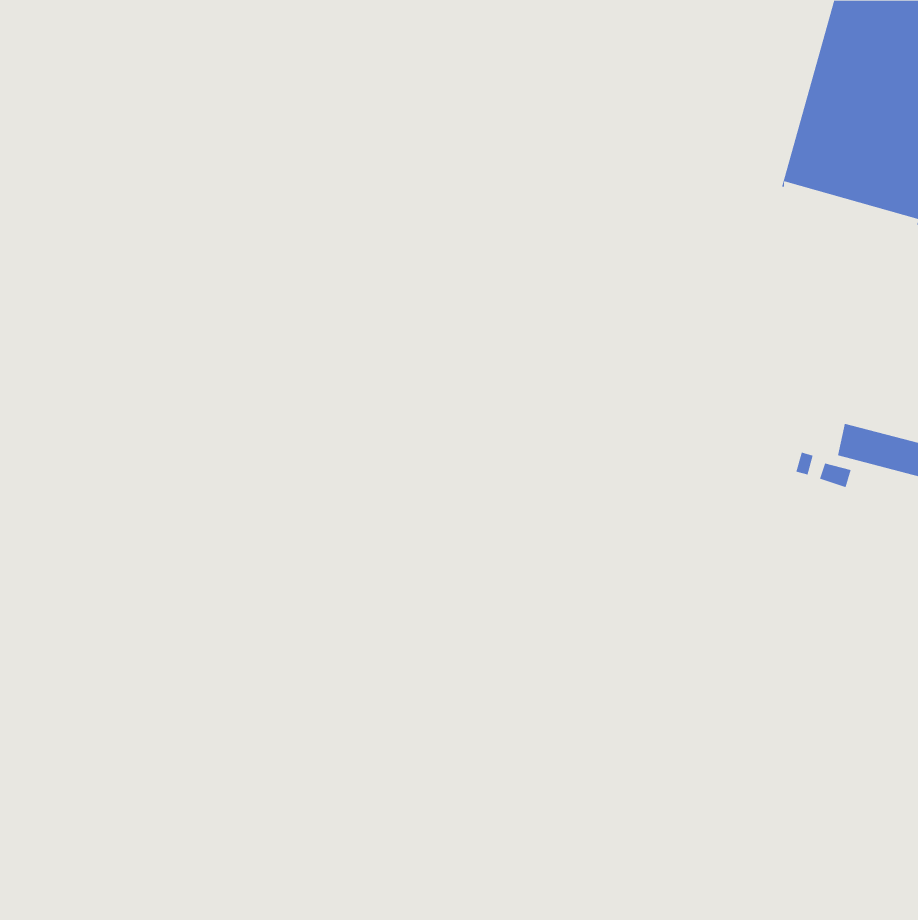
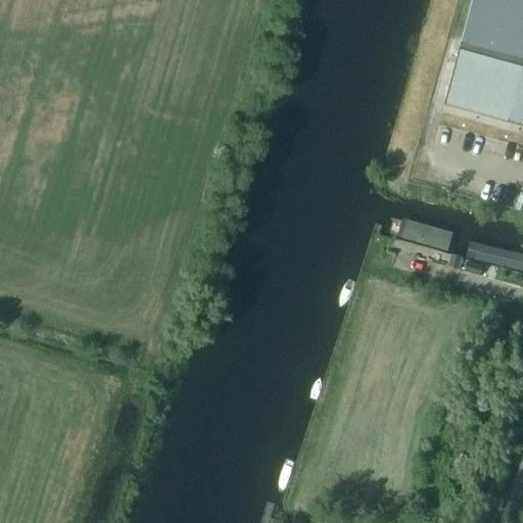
building: none -> [392,219,456,250]

